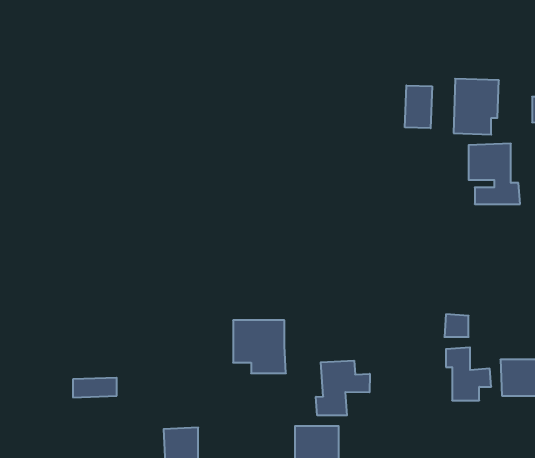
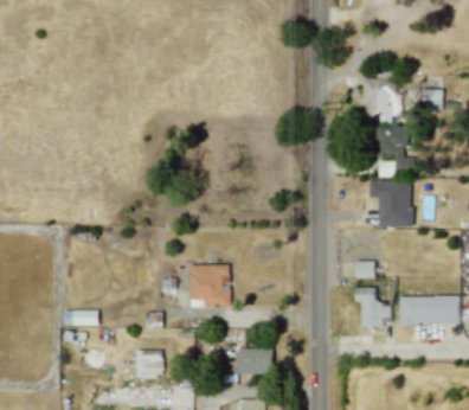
building: [405,85,432,128] -> none
building: none -> [368,181,412,228]
building: [316,361,370,415] -> none

